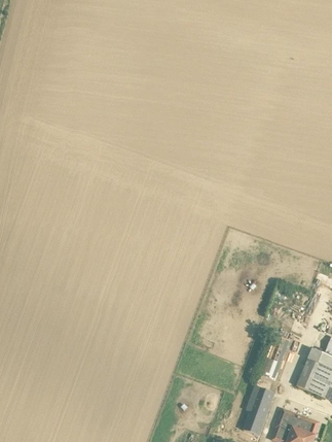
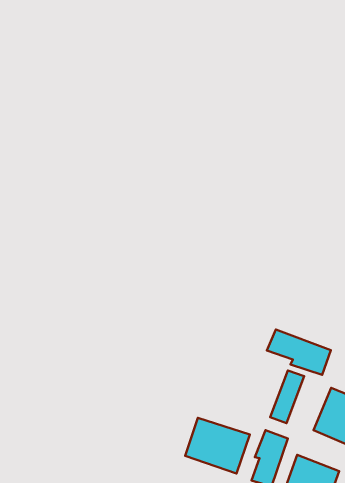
building: none -> [267,329,331,375]
building: none -> [185,418,250,473]

